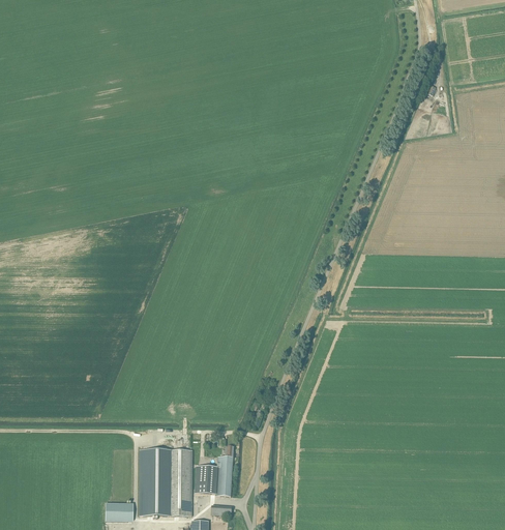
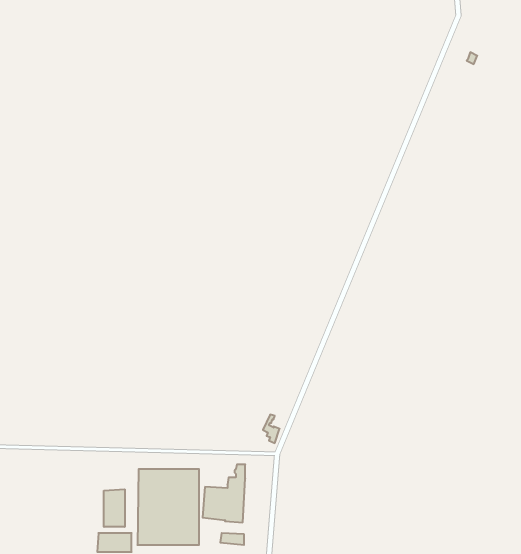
building: none -> [104,489,125,527]

